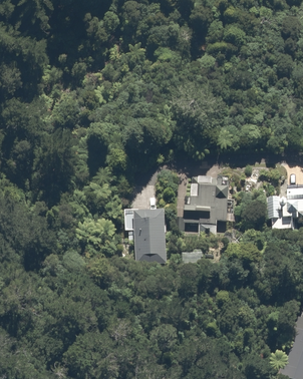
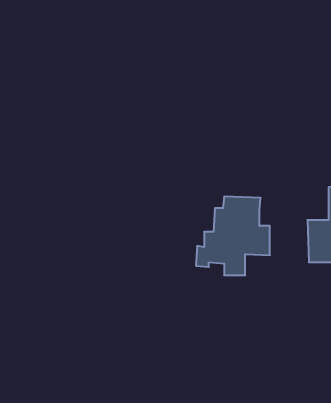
building: [132,207,166,262] -> none

